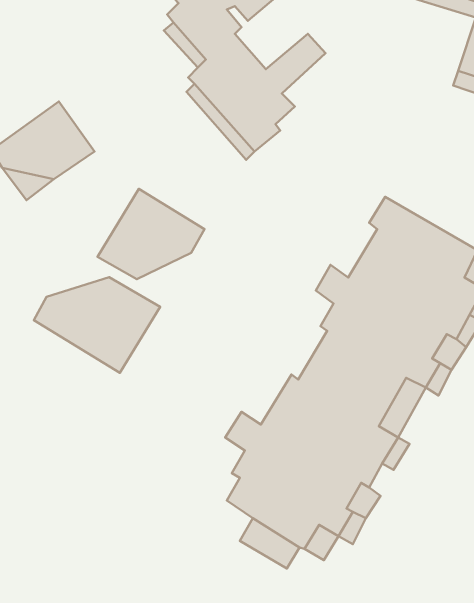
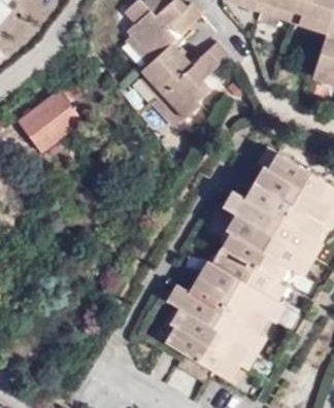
building: [97,189,205,279] -> none
building: [34,277,160,373] -> none

